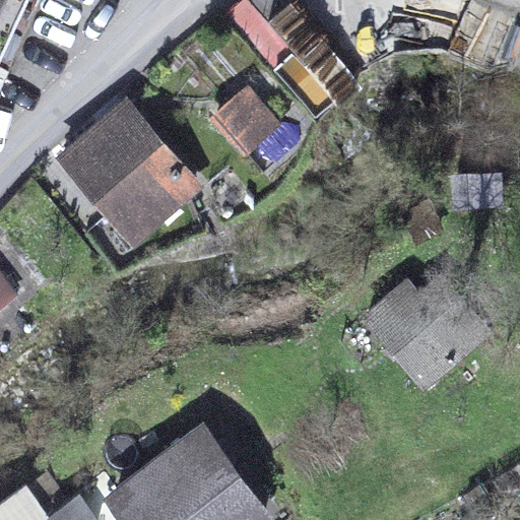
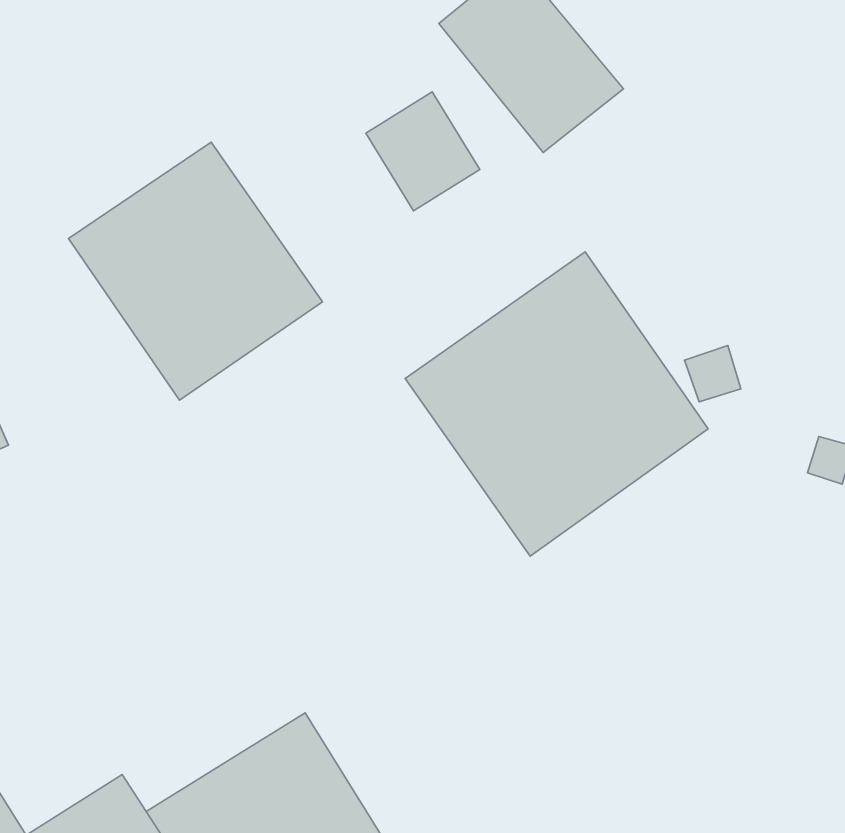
building: none -> [405,252,708,556]
building: [369,276,488,382] -> none

